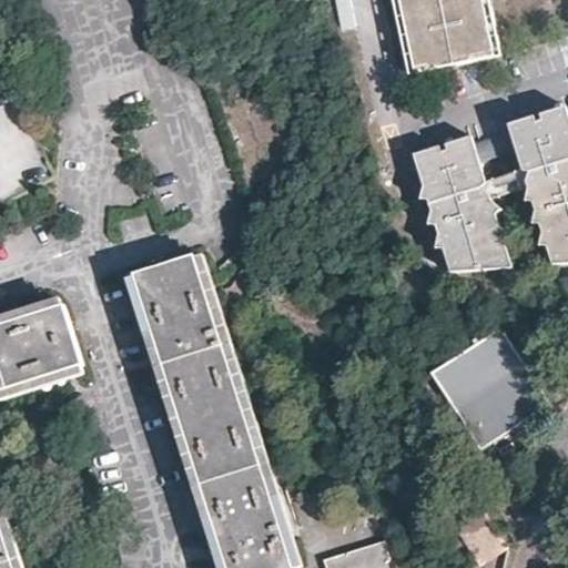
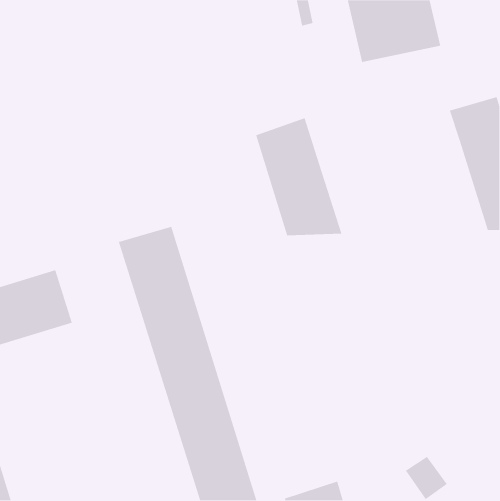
building: [412,134,510,268] -> [255,117,343,236]
building: [430,327,552,449] -> none

